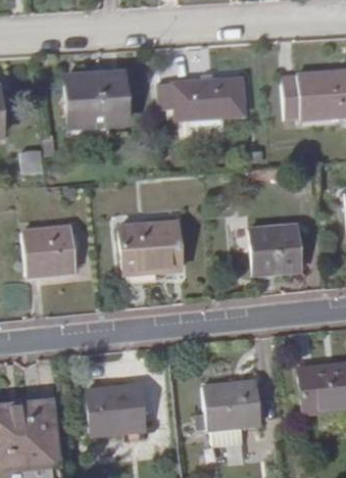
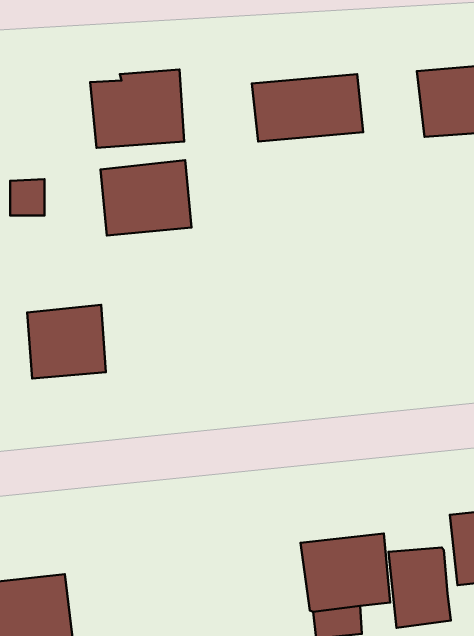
building: [122,223,182,272] -> [100,160,192,235]
building: [250,225,299,275] -> none
building: [90,384,148,433] -> none
building: none -> [388,548,451,628]

